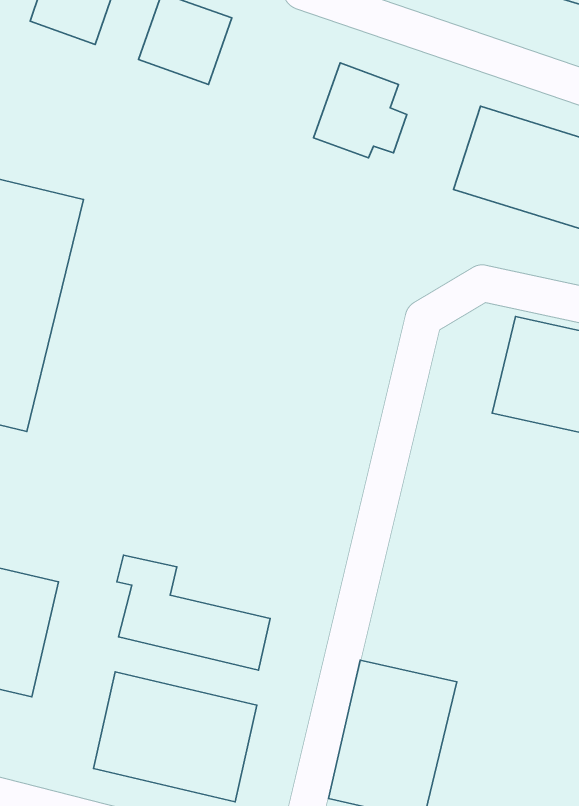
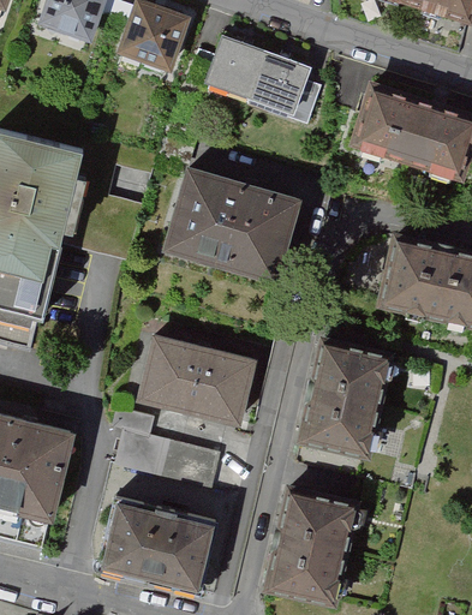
building: none -> [189,40,273,109]
building: none -> [163,172,297,281]
building: none -> [299,335,392,450]
building: none -> [141,344,252,425]

